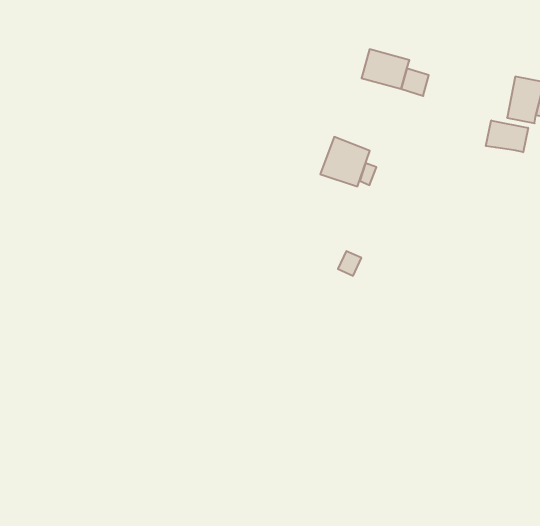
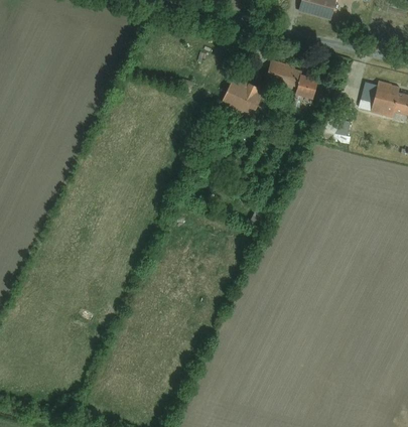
building: [486,120,528,152] -> none
building: [320,137,370,186] -> [225,79,261,115]

